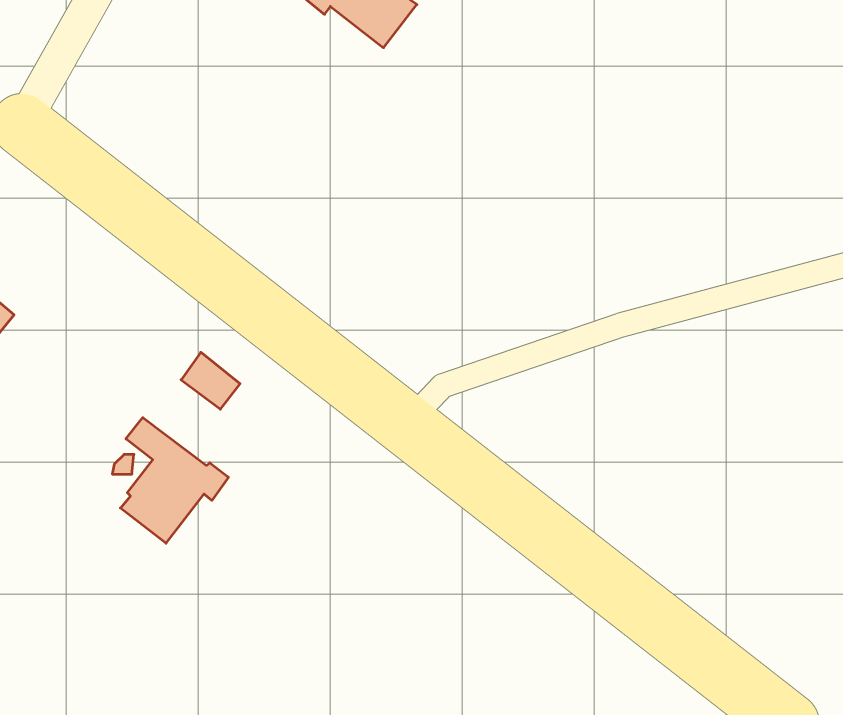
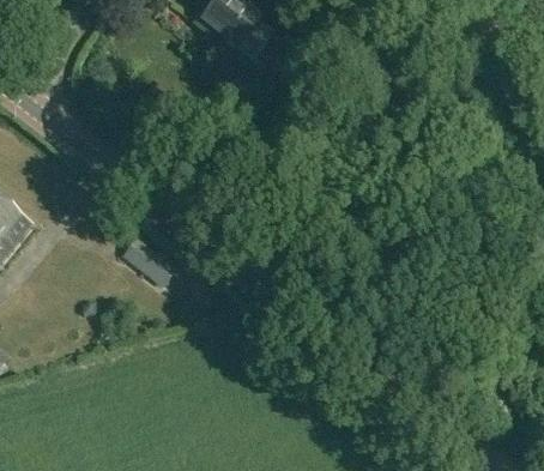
building: [120,418,228,543] -> none

